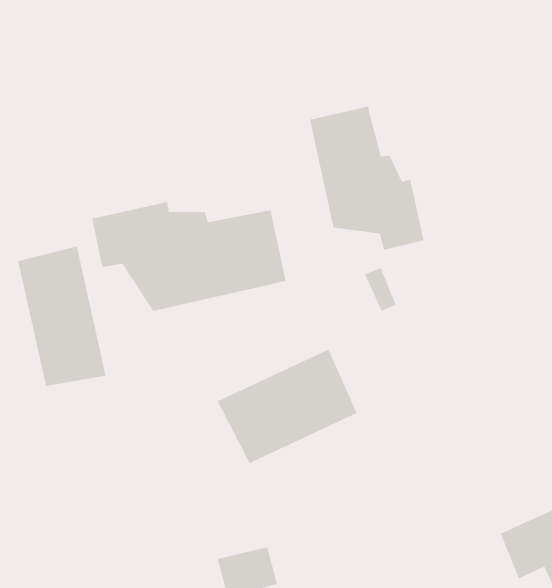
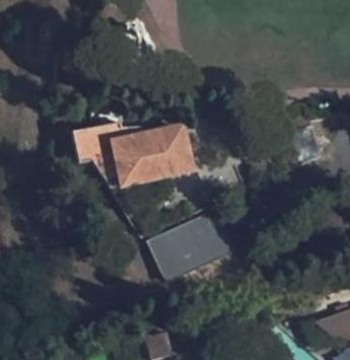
building: [309,106,424,250] -> none
building: [18,246,106,387] -> none

